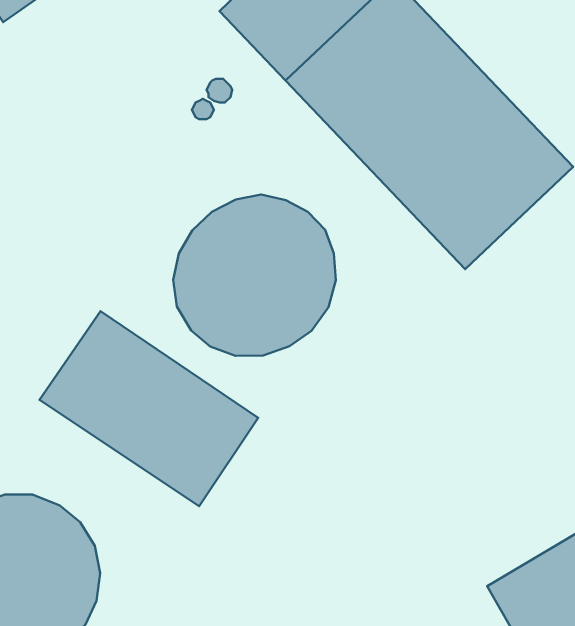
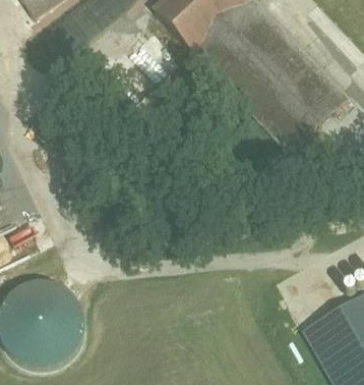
building: [173,194,336,356] -> none
building: [39,311,258,506] -> none

